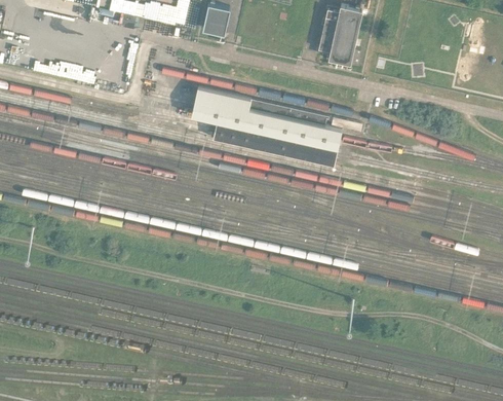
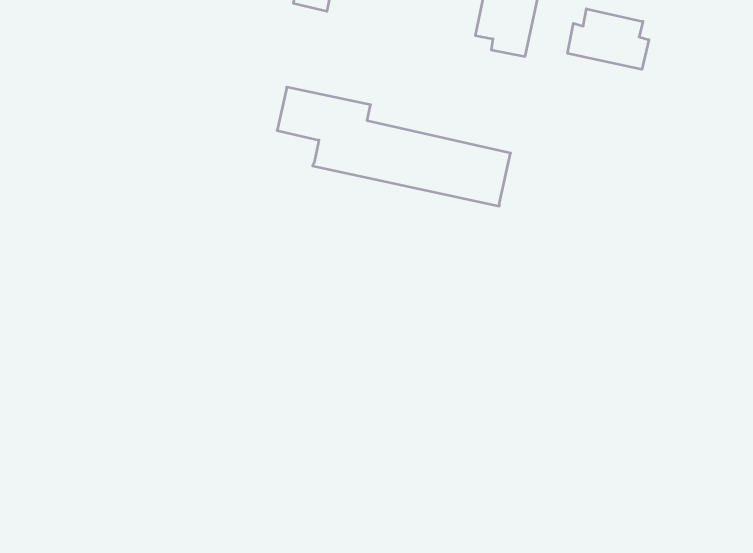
building: none -> [568,9,649,69]

